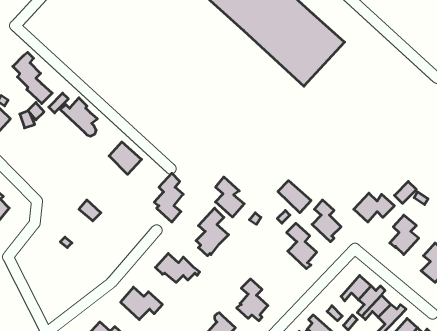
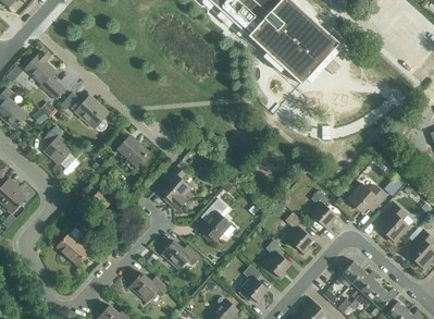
building: none -> [45,126,74,168]
building: [215,177,244,217] -> none
building: [278,181,311,213] -> none
building: none -> [57,232,89,265]
building: none -> [264,240,290,280]

